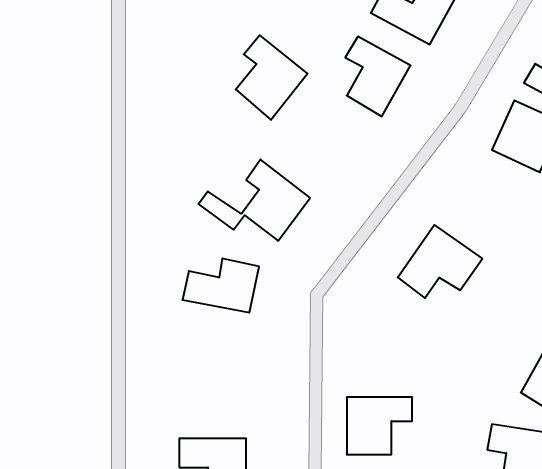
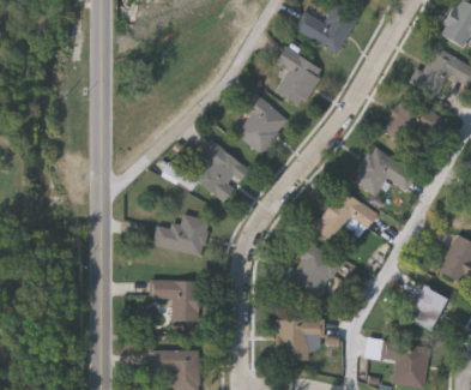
building: [236,35,308,120] -> [237,92,291,156]
building: none -> [351,145,417,196]
building: none -> [279,244,339,305]
building: none -> [150,278,200,319]

